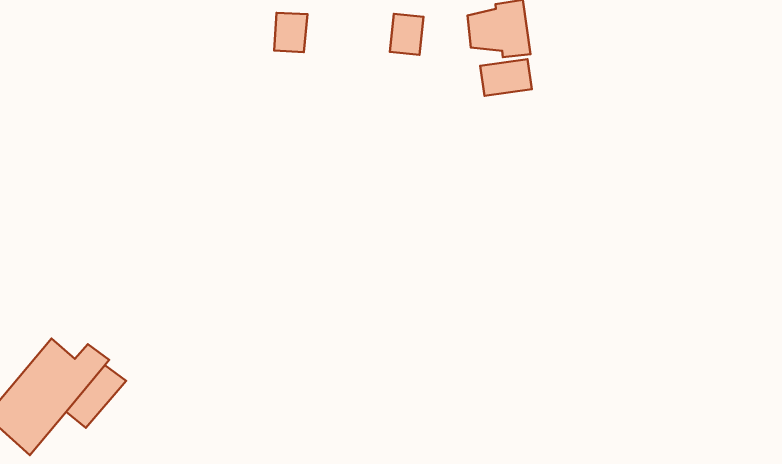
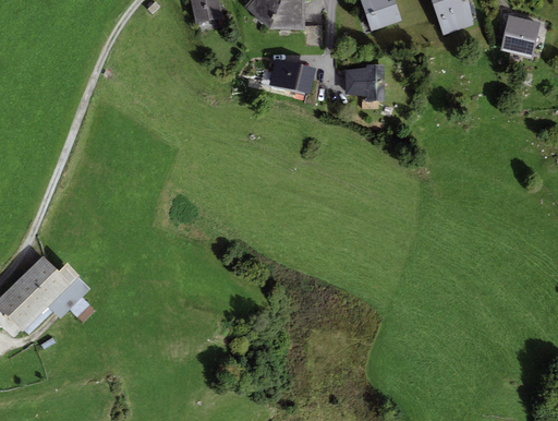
building: [274,13,308,52] -> [271,60,296,88]
building: [480,59,532,96] -> none

